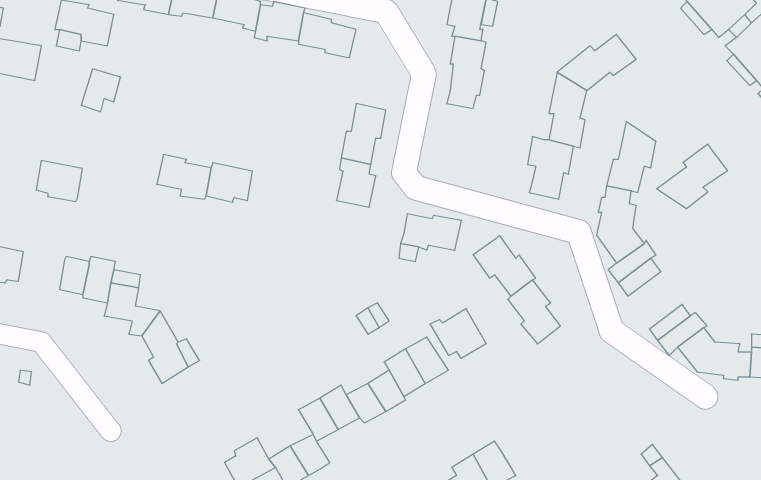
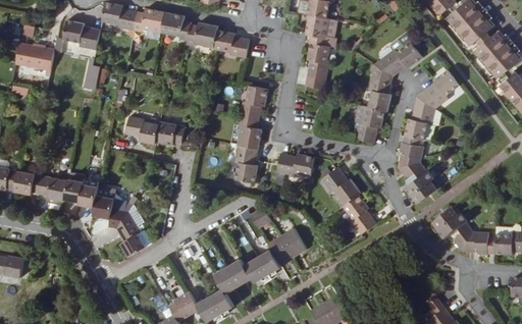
building: [657,144,728,208] -> [417,68,461,108]
building: [36,160,82,202] -> [41,176,69,202]
building: none -> [234,145,258,182]
building: [430,308,486,358] -> none

